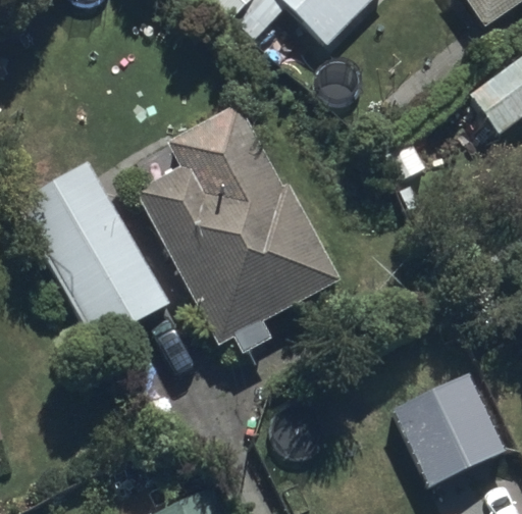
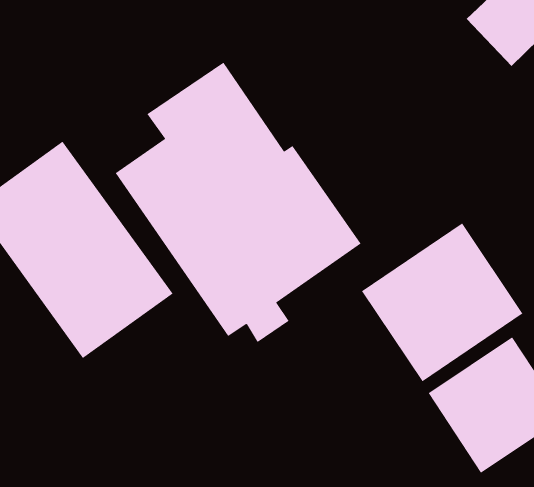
building: none -> [361,222,523,382]

